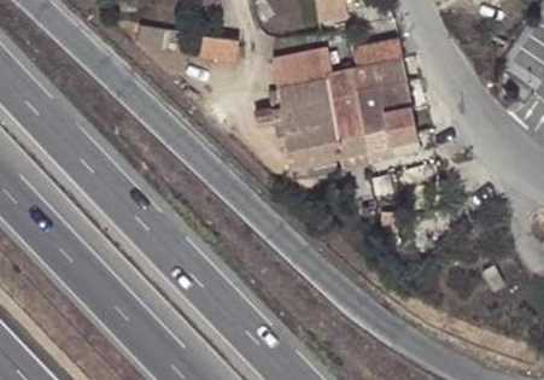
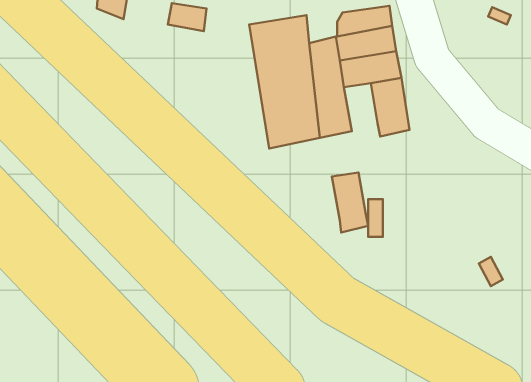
building: [361,109,393,163] -> [332,173,368,233]

